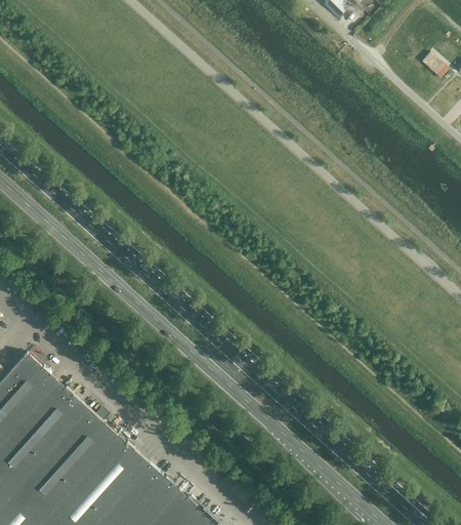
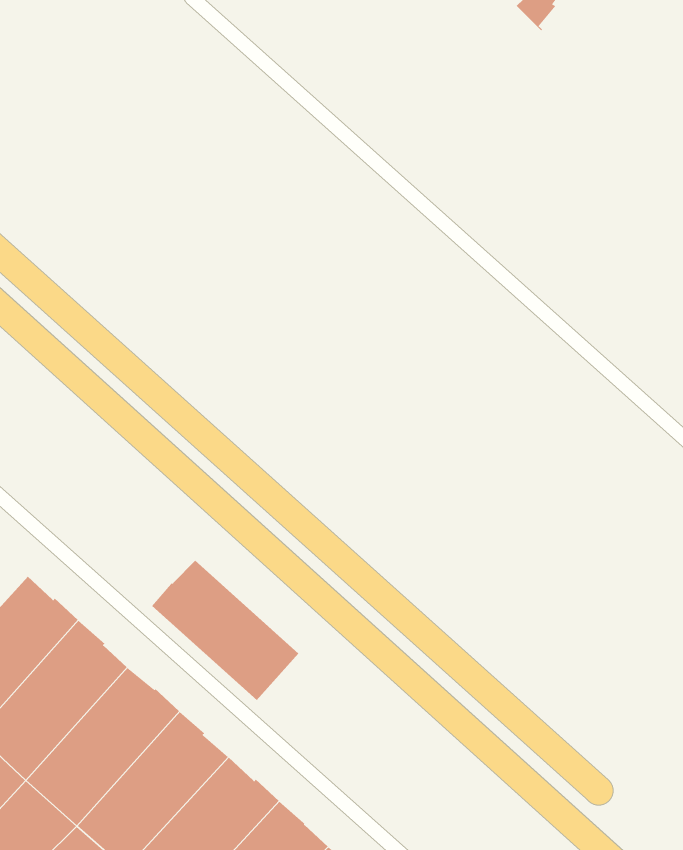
building: none -> [151,560,299,701]

